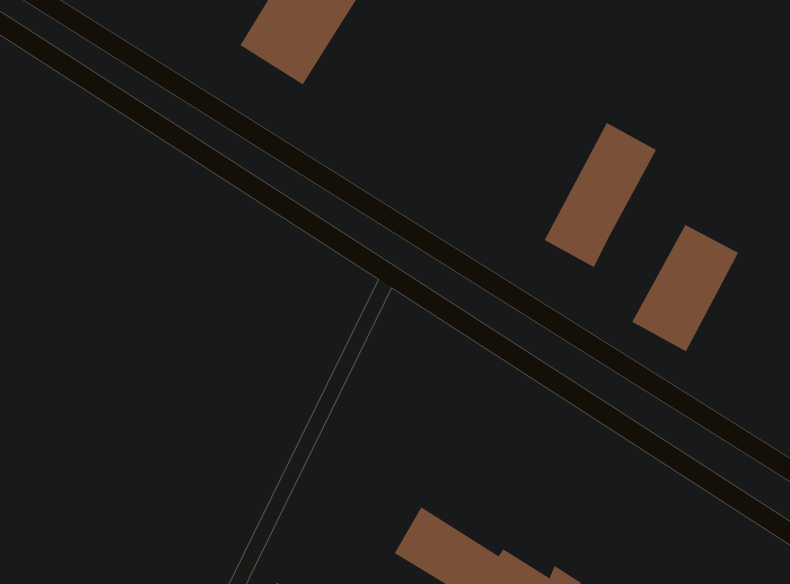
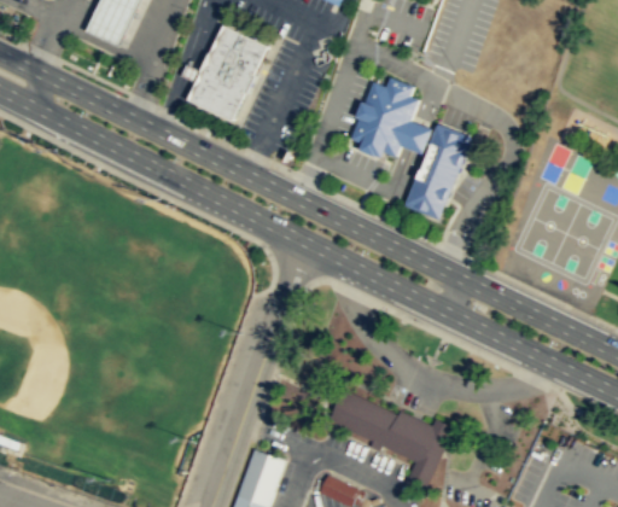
building: none -> [350,78,418,155]
building: [631,224,739,352] -> none

